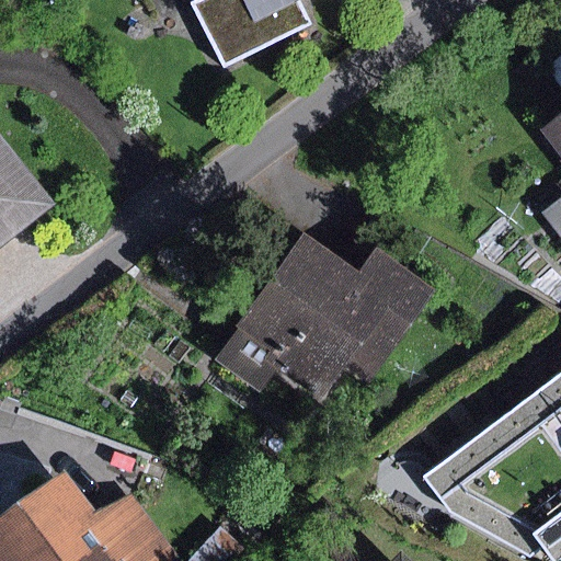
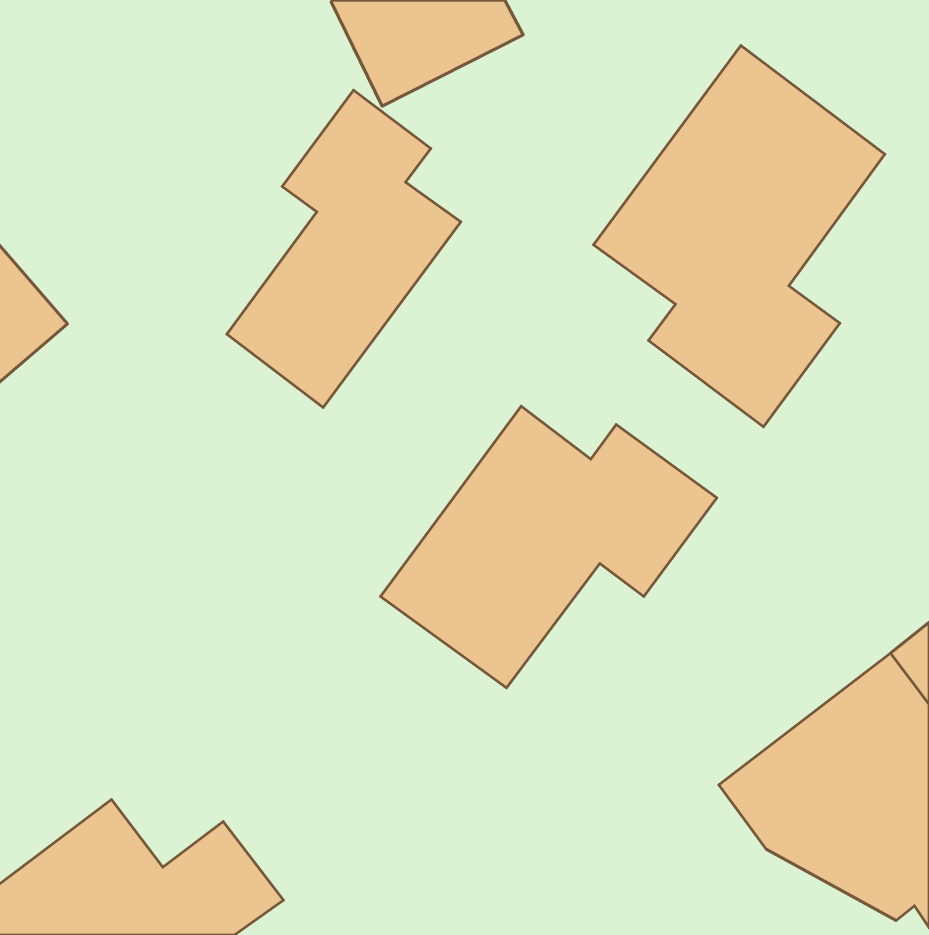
building: none -> [593,46,885,427]
building: none -> [227,90,461,408]

